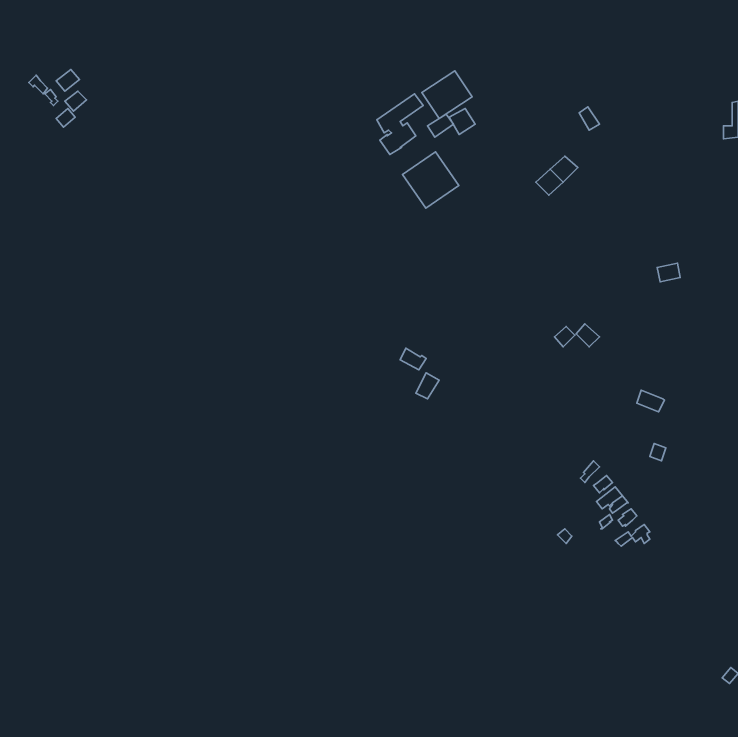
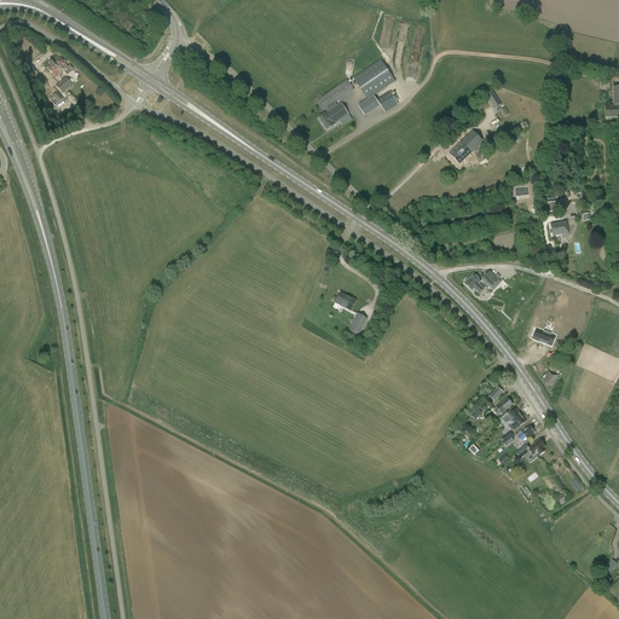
building: [402,152,459,208] -> none

